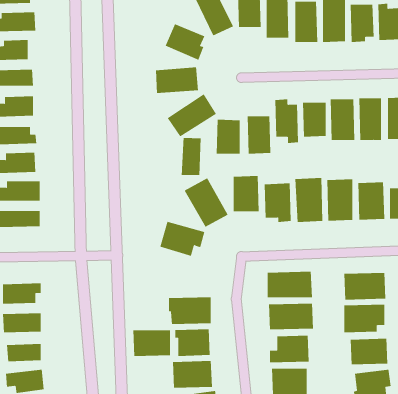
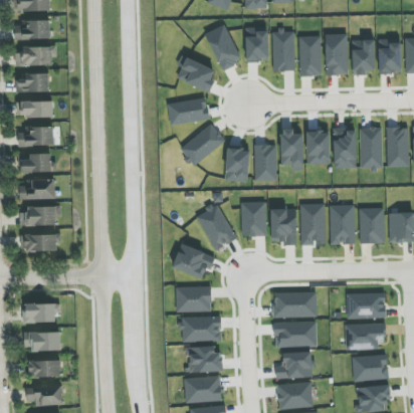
building: [181,137,201,176] -> none
building: [132,330,171,356] -> [175,286,211,312]

